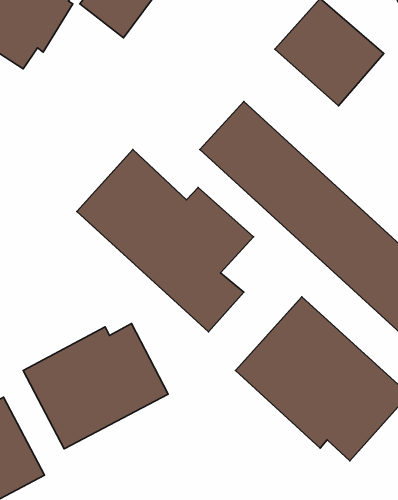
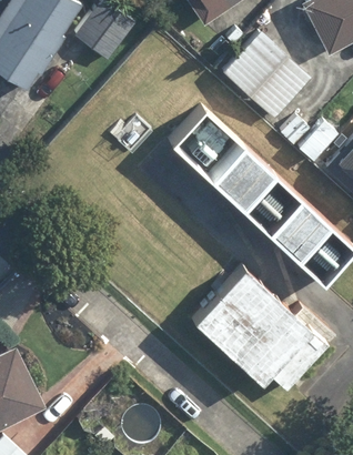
building: [77,149,254,332] -> none
building: [23,323,168,449] -> none

